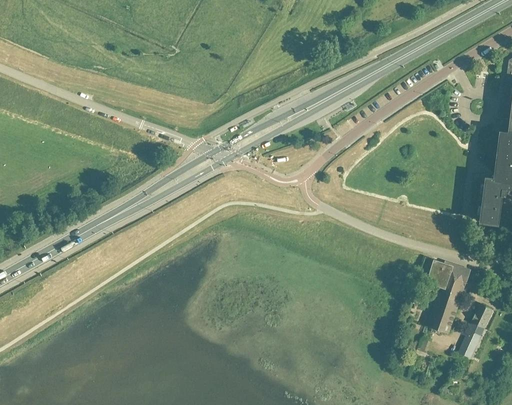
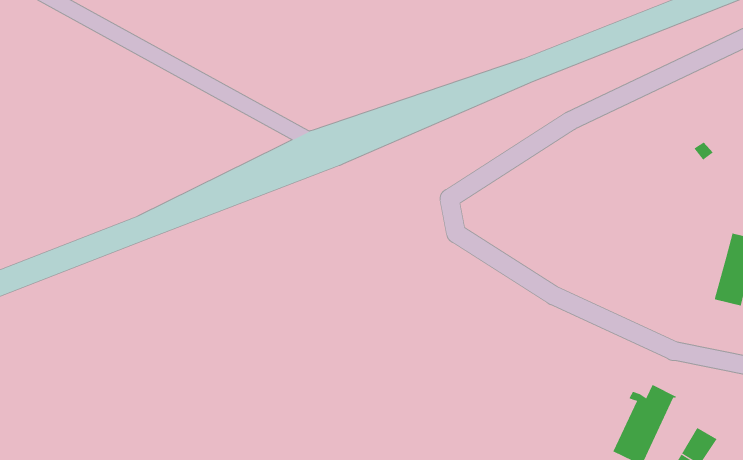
building: [425,261,467,290] -> none

